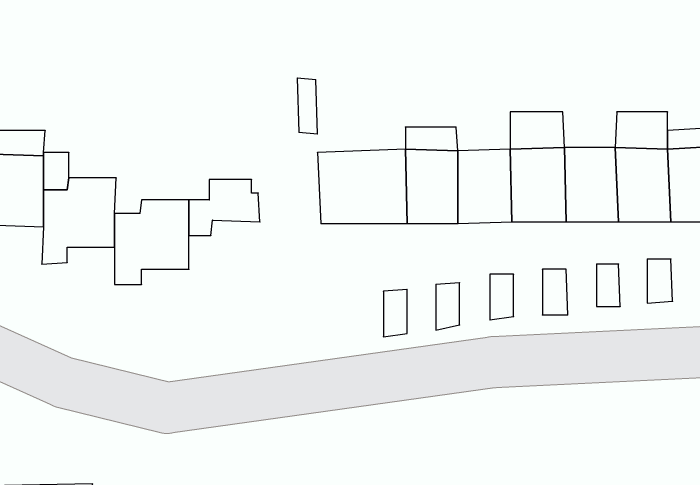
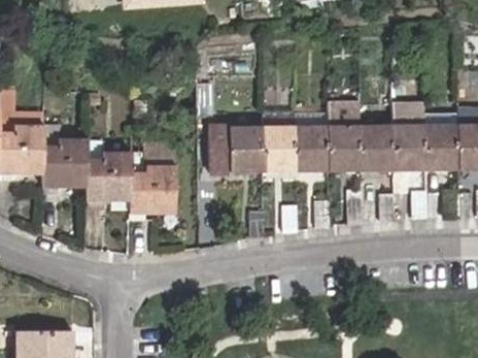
building: none -> [131,167,174,221]

